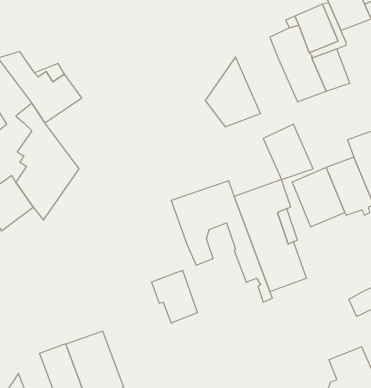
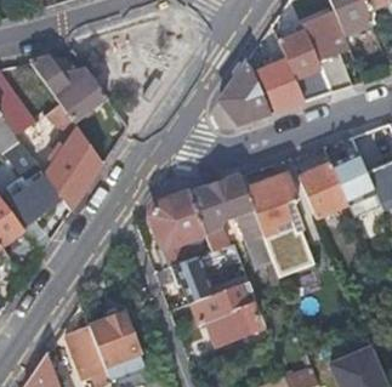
building: [263,124,313,179] -> [259,61,305,112]
building: none -> [152,193,203,271]
building: none -> [191,283,259,347]

